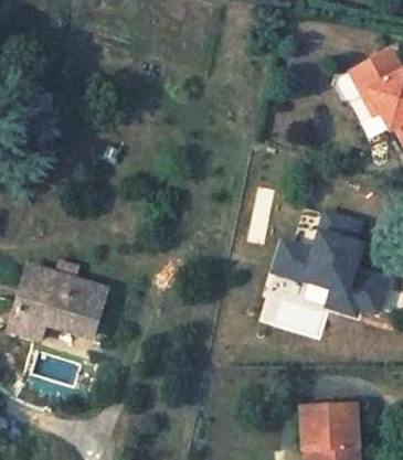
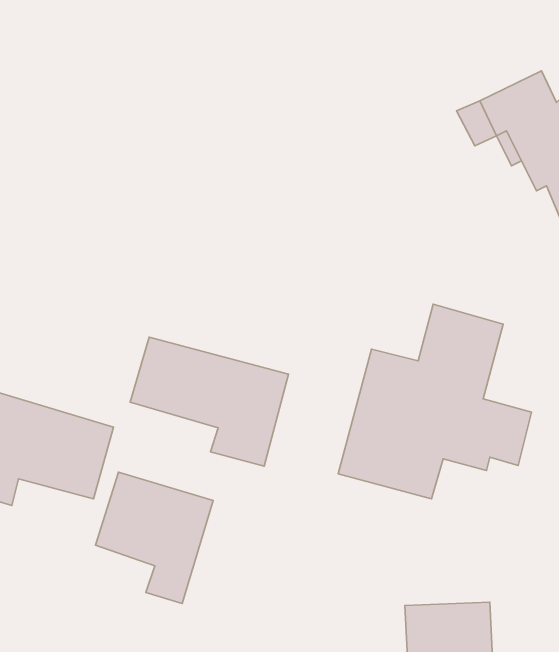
building: none -> [130,337,289,466]
building: none -> [95,472,213,604]

